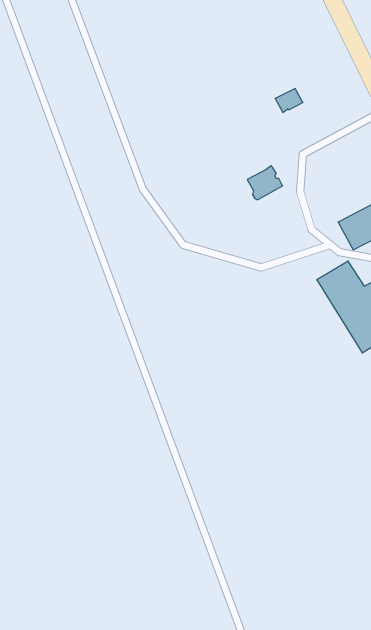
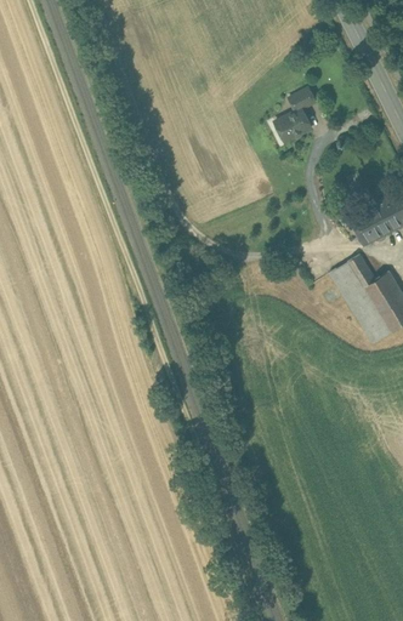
building: [247,166,283,200] -> [278,108,312,141]

